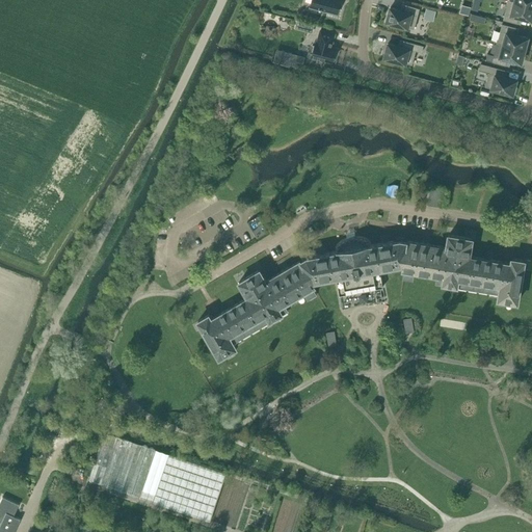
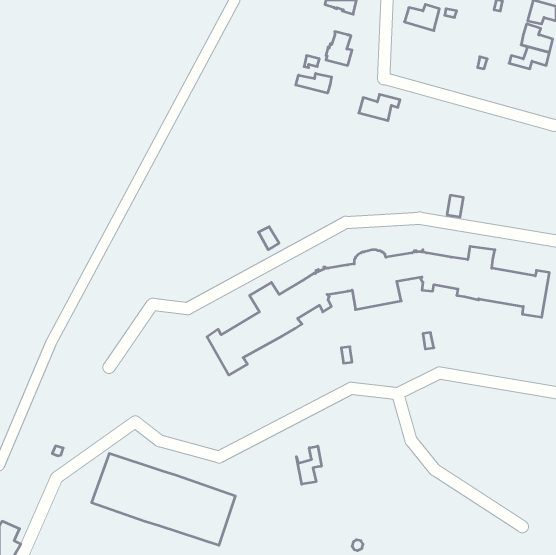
building: [383,42,423,66] -> [359,94,400,121]
building: [478,64,515,96] -> none
building: none -> [296,73,332,93]
building: none -> [296,446,321,484]

